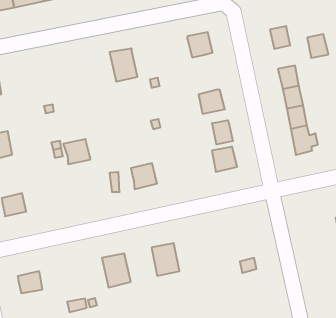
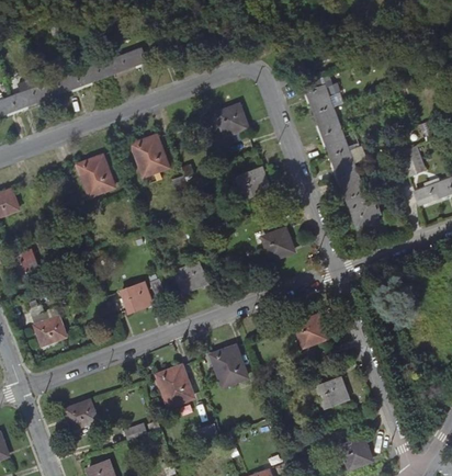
building: [307,34,328,58] -> [315,105,341,134]
building: none -> [78,155,113,194]
building: [212,120,233,144] -> none
building: [63,139,90,164] -> [120,281,152,311]
building: none -> [294,315,325,344]
building: none -> [316,376,347,406]

